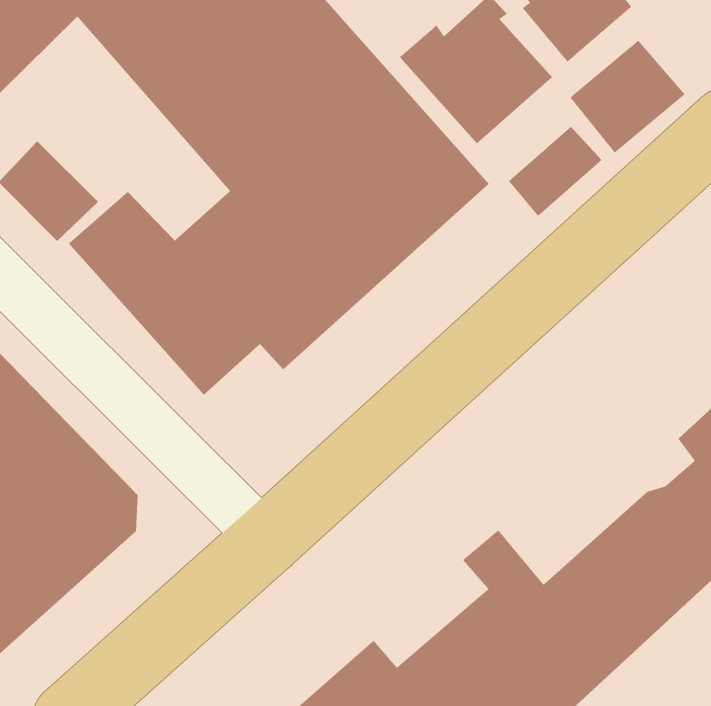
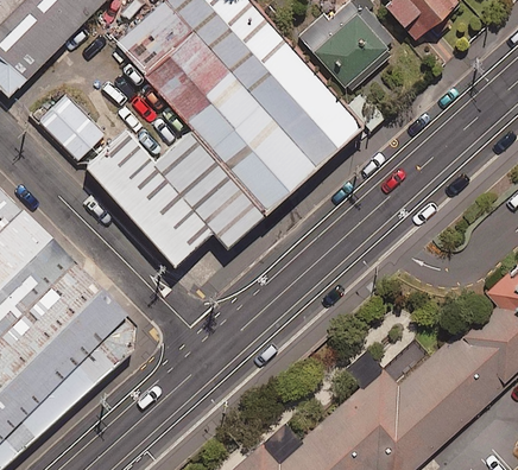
building: [570,40,686,154] -> none
building: [508,126,603,217] -> none

